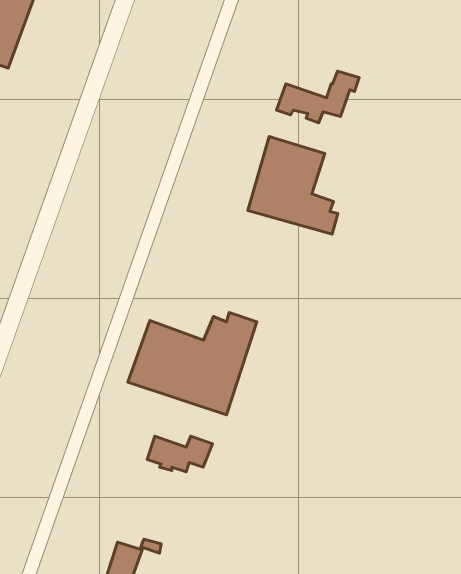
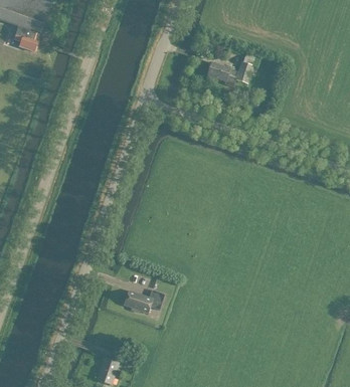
building: [248,137,338,234] -> none
building: [128,313,257,415] -> none

